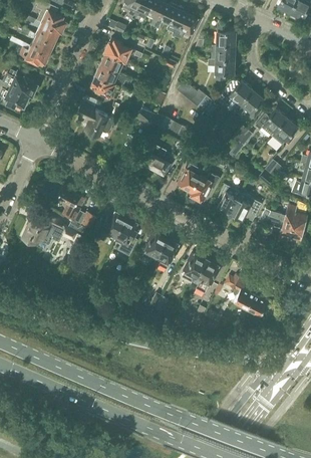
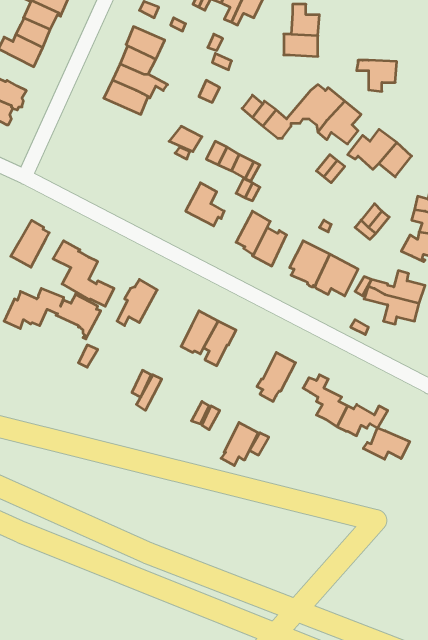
building: [208,58,235,79] -> [357,60,397,91]
building: [77,103,113,136] -> none
building: none -> [11,220,49,267]
building: [114,217,138,255] -> none
building: [182,252,207,281] -> [221,422,258,466]
building: none -> [363,428,410,459]

